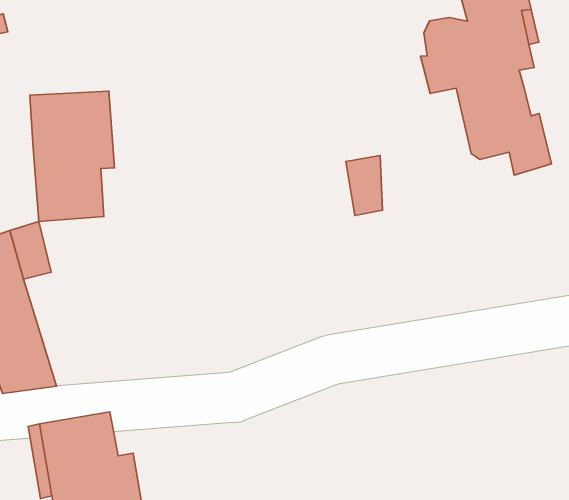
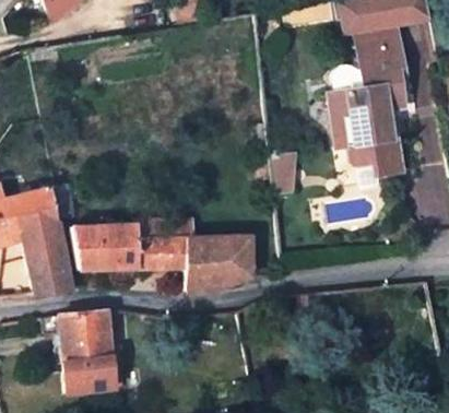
building: [30,91,115,222] -> none
building: none -> [71,220,251,291]

